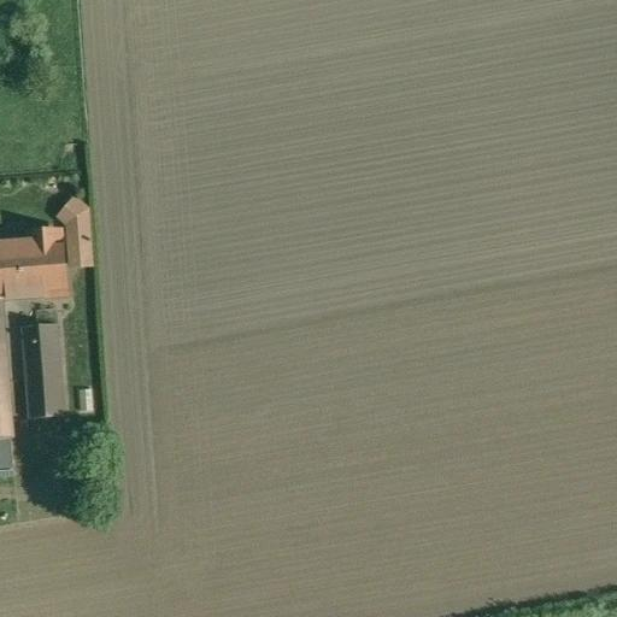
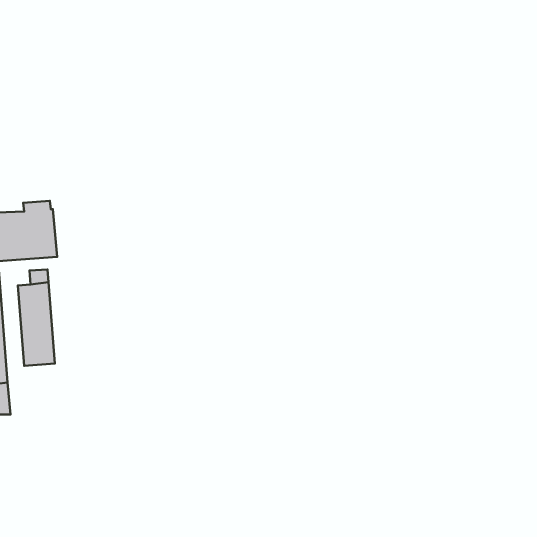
building: [65,221,89,263] -> none

